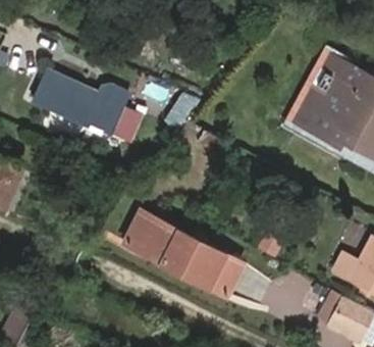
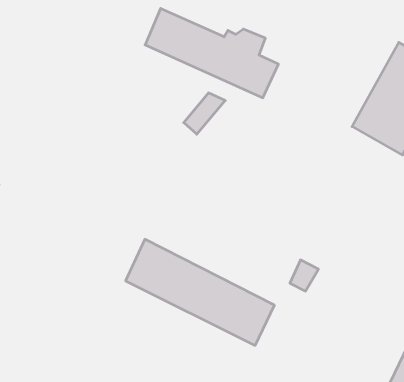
building: [35,72,140,143] -> [145,8,278,98]

